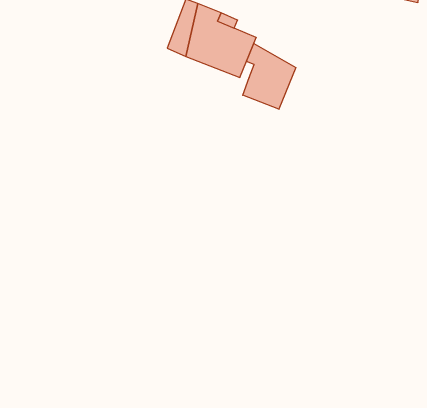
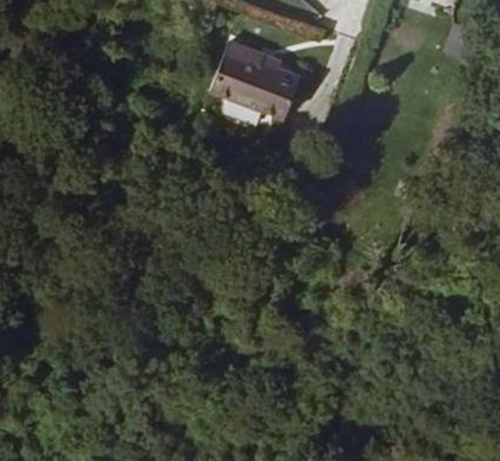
building: [243,43,296,109] -> none

